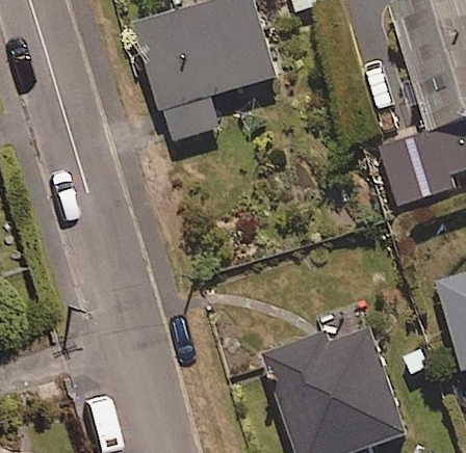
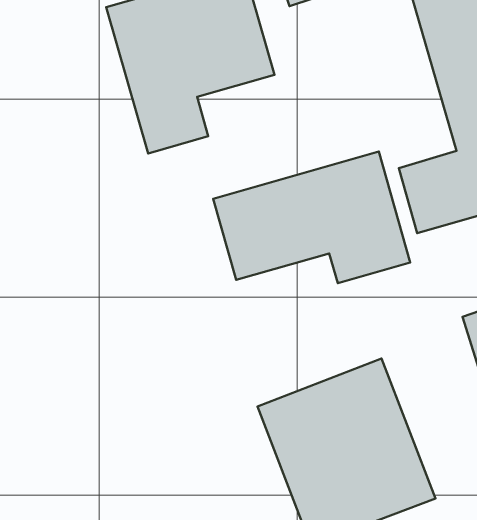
building: none -> [213,152,410,283]

